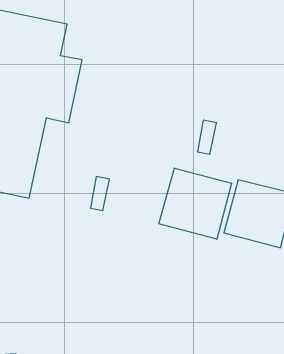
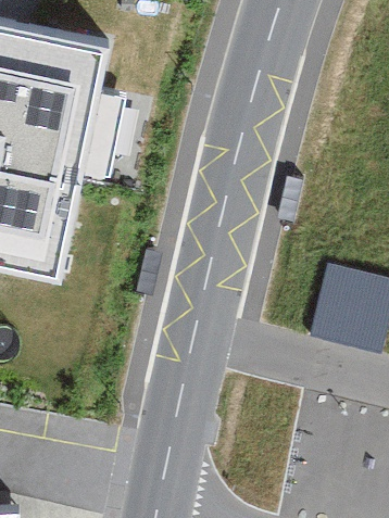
building: [159,168,232,239] -> none

